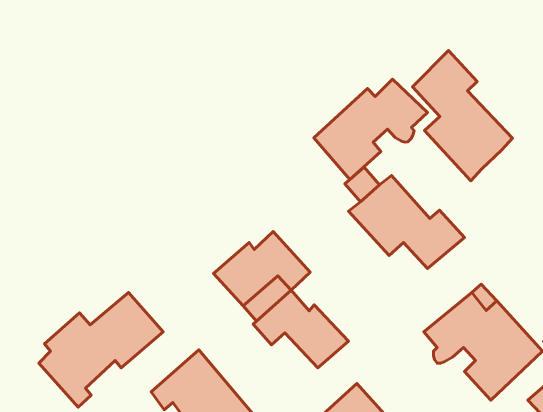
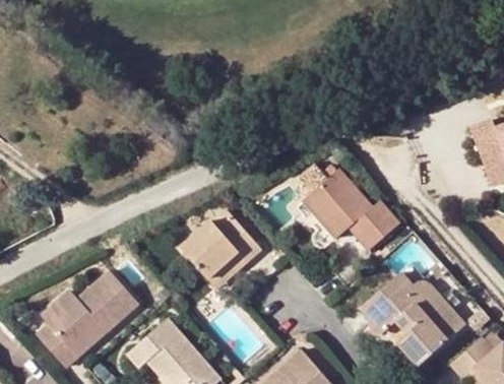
building: [412,50,512,181] -> none
building: [314,79,427,180] -> none
building: [253,290,348,368] -> none

